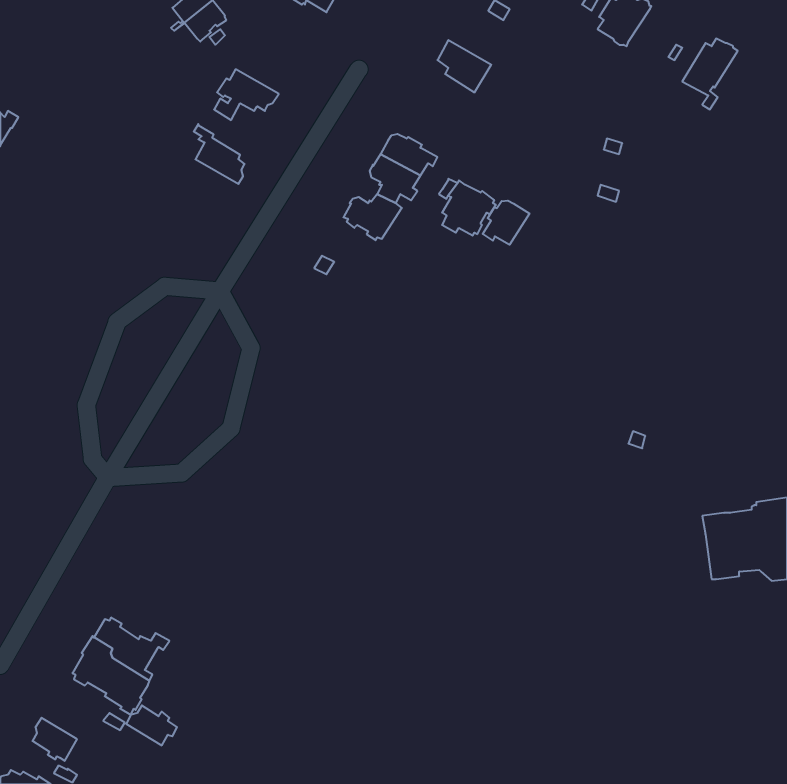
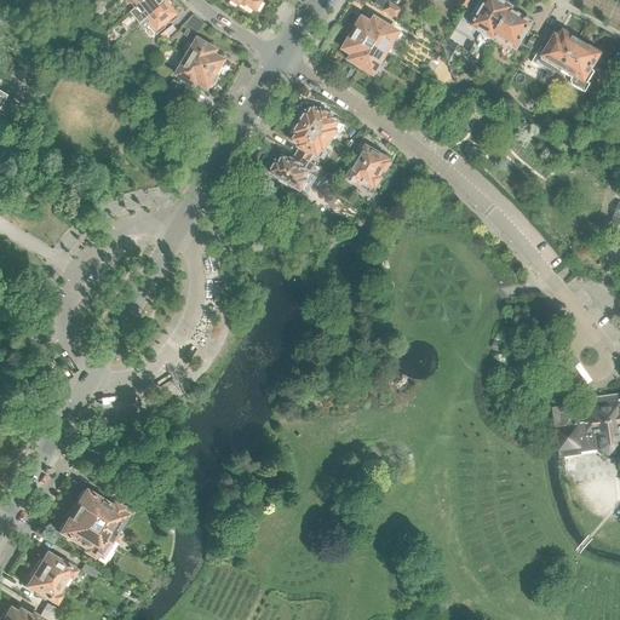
building: none -> [494,7,532,47]
building: none -> [352,16,398,51]
building: none -> [562,40,601,91]
building: [194,124,245,184] -> [184,27,224,74]
building: [483,201,529,245] -> none
building: [126,705,177,745] -> [33,550,73,581]

